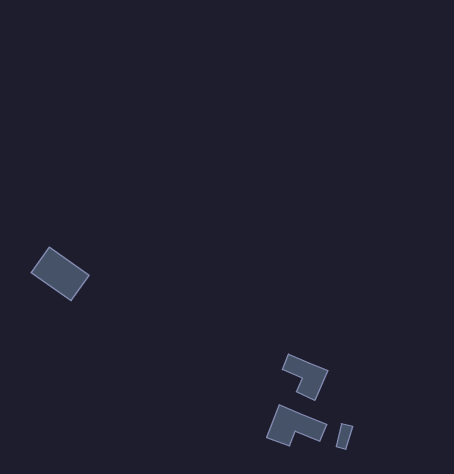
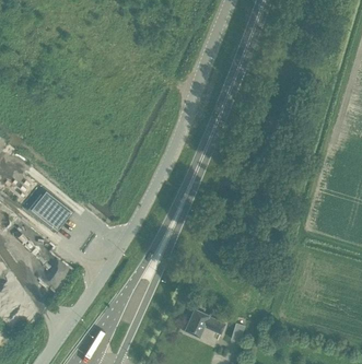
building: [282,354,328,400] -> none

